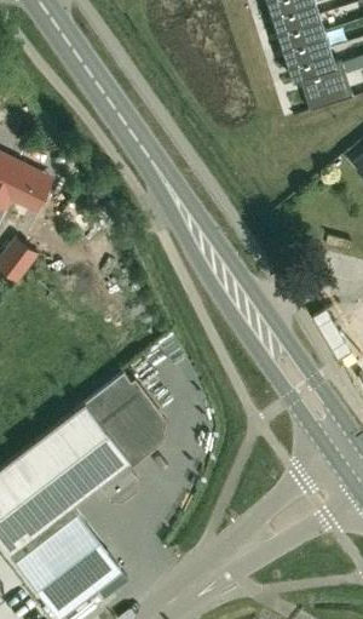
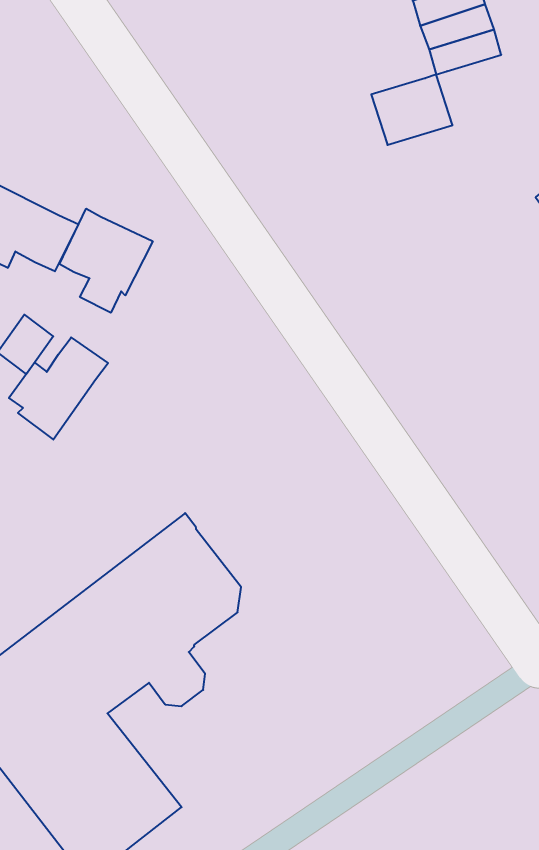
building: [300,64,355,111] -> [371,75,453,145]
building: none -> [59,209,153,313]
building: none -> [9,337,108,440]

